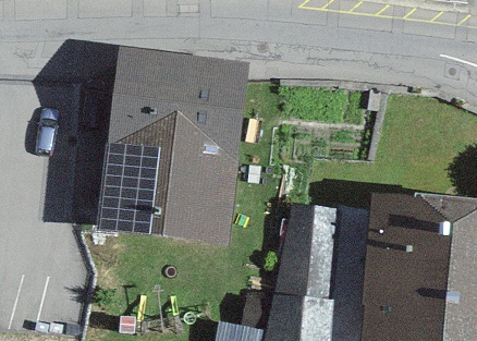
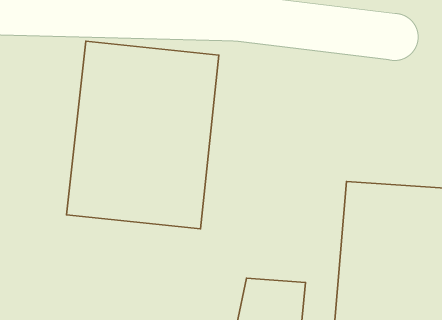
building: [274,204,342,299] -> none

